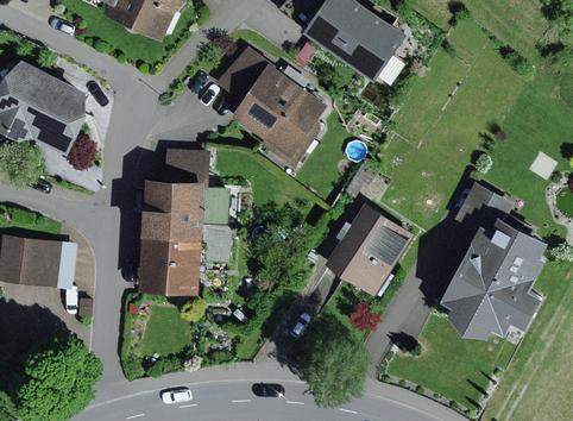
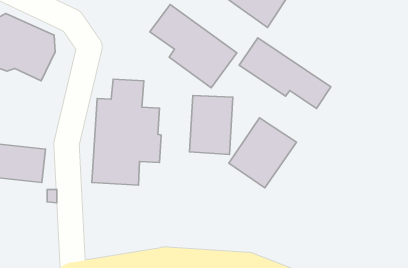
building: none -> [239,38,331,109]
building: none -> [189,96,233,154]
building: [441,186,548,337] -> none

